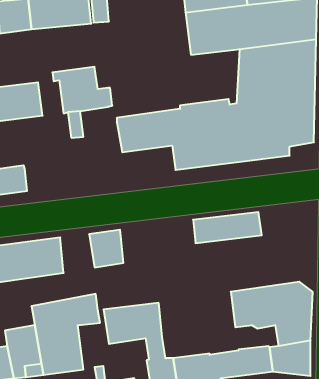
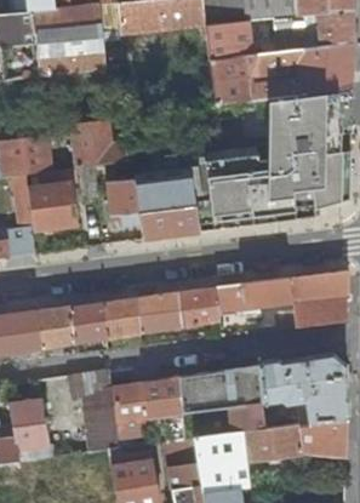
building: none -> [105,179,198,240]
building: none -> [27,183,75,230]
building: none -> [288,269,348,328]
building: none -> [137,286,221,333]
building: none -> [72,302,109,344]
building: none -> [179,365,267,434]
building: none -> [91,399,121,450]

